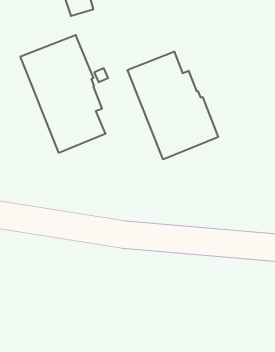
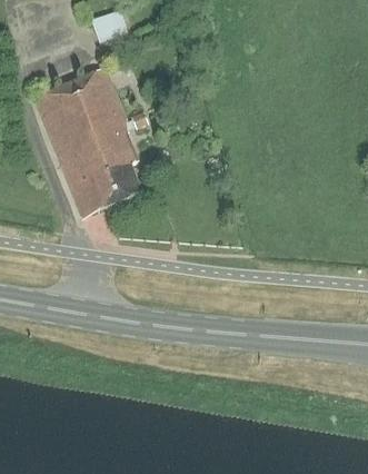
building: [128,52,218,159] -> none

